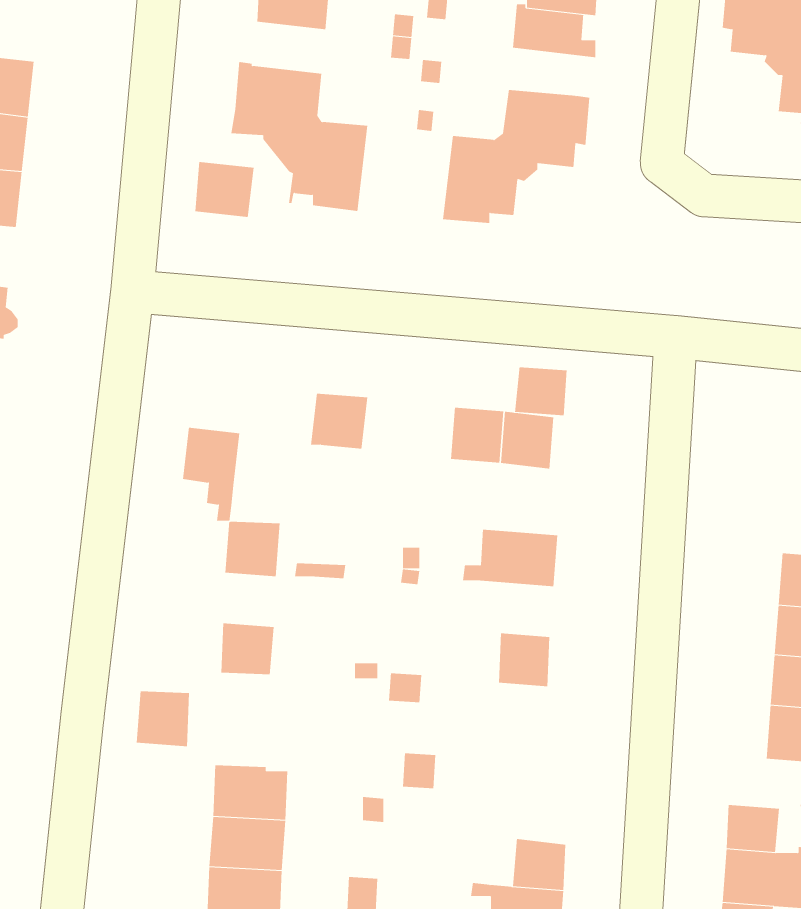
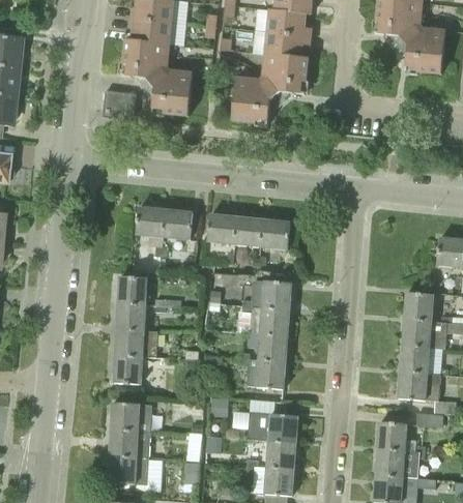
building: none -> [133,17,171,43]
building: none -> [265,30,311,55]
building: [514,366,567,416] -> none
building: none -> [208,213,237,243]
building: [182,427,240,521] -> [136,206,166,255]
building: none -> [117,302,145,330]
building: none -> [249,306,289,335]
building: none -> [238,358,286,388]
building: [136,691,190,747] -> [114,354,142,383]
building: none -> [248,412,297,443]

